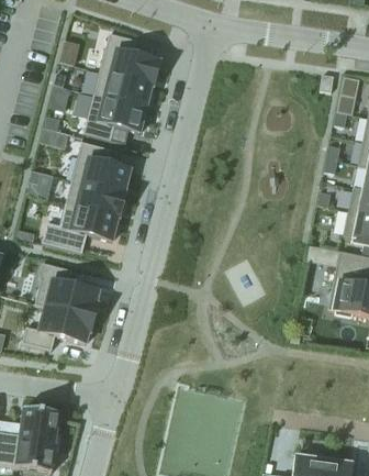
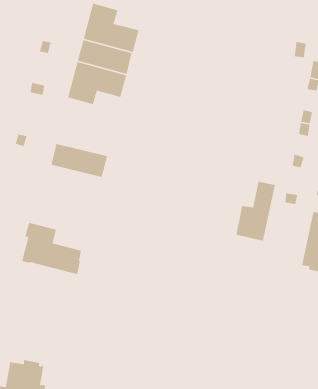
building: [70,141,130,192] -> none
building: [41,202,118,252] -> none
building: none -> [235,181,276,242]
building: [22,305,93,350] -> none

